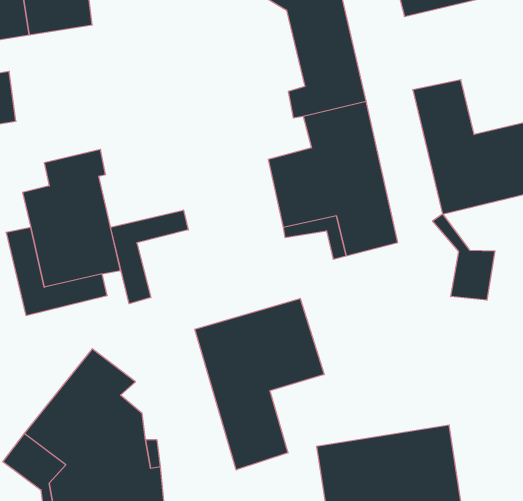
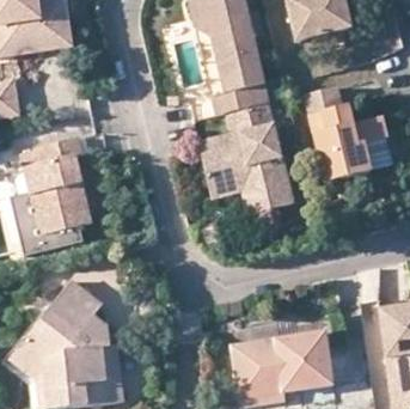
building: [111,210,188,304] -> none
building: [433,214,495,300] -> none
building: [195,298,324,470] -> none

